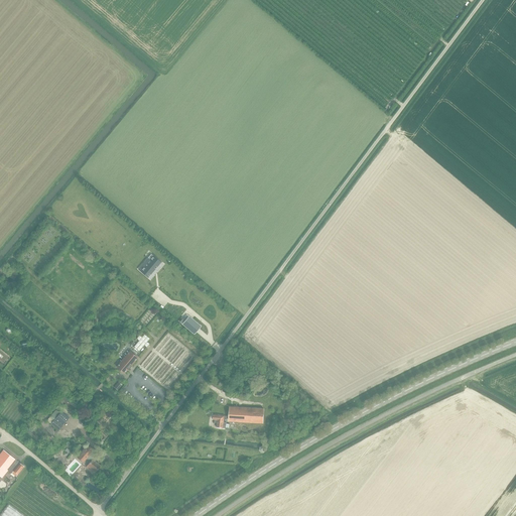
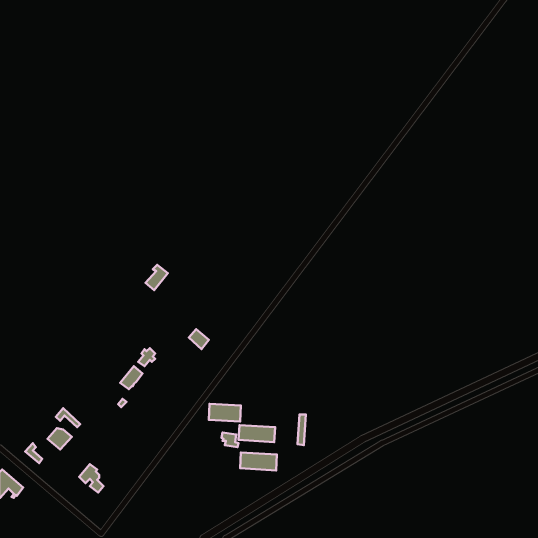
building: none -> [209,404,241,422]
building: none -> [240,452,277,470]

